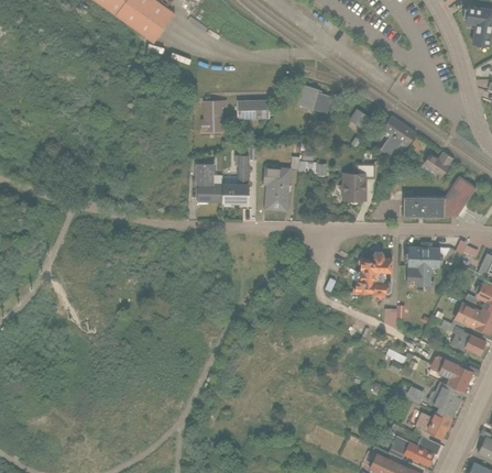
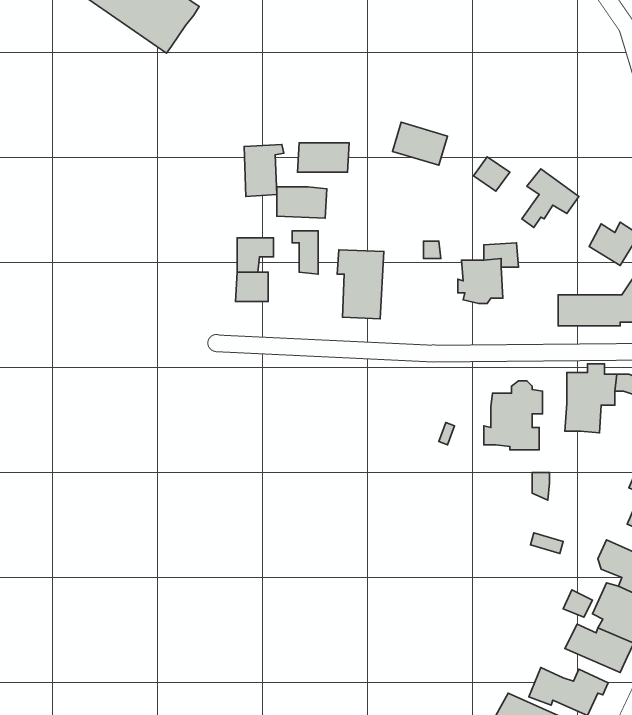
building: [218,183,250,202] -> [277,187,327,218]

